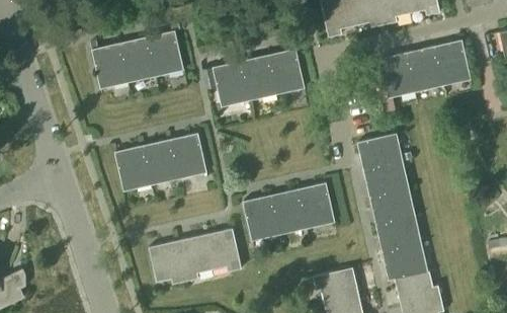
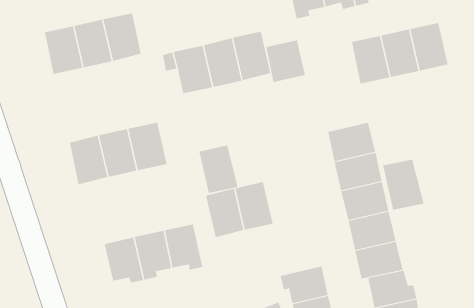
building: none -> [266,39,306,83]
building: none -> [382,159,424,211]
building: [298,182,335,228] -> [199,145,238,194]

